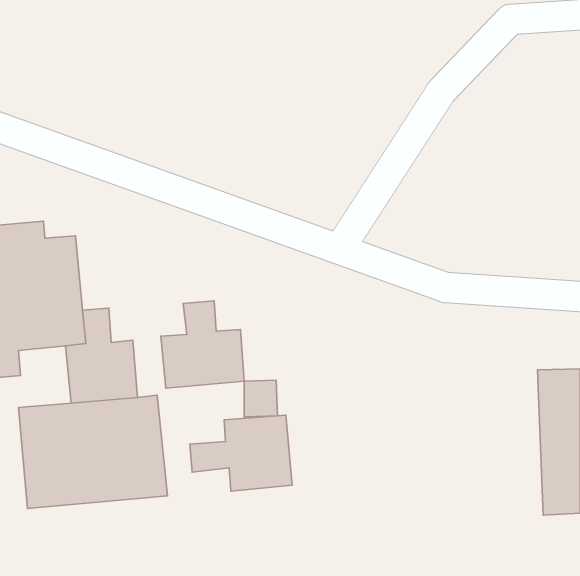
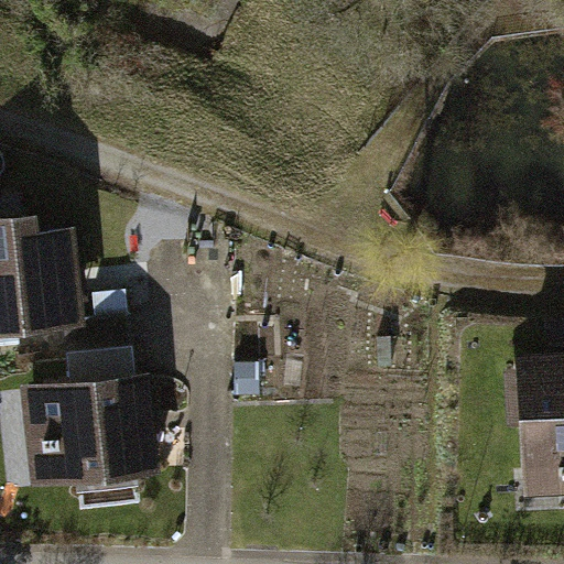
building: [161,301,244,388] -> none
building: [190,415,292,491] -> none

